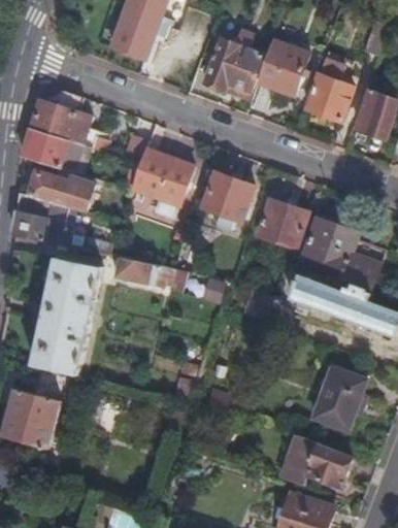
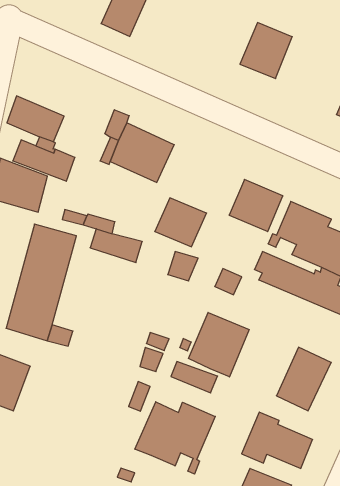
building: [204,30,262,98] -> none
building: [306,60,354,123] -> none
building: [31,92,92,148] -> none
building: [201,173,253,222] -> [155,198,207,247]
building: none -> [188,312,249,377]
building: none -> [135,402,215,474]

